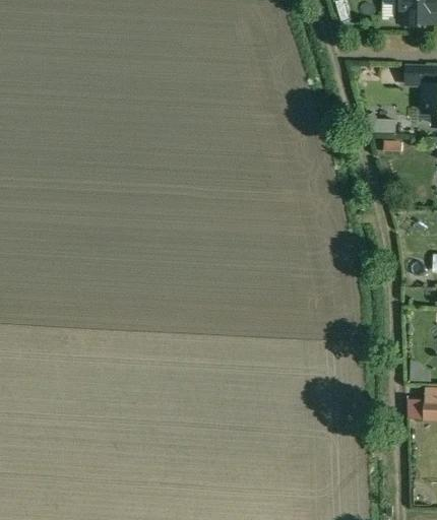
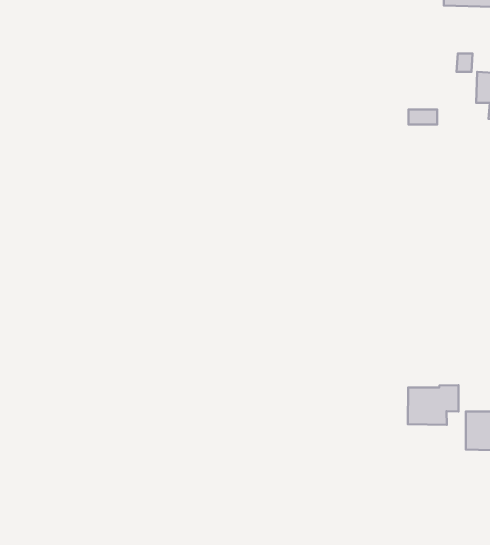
building: none -> [408,385,459,425]

